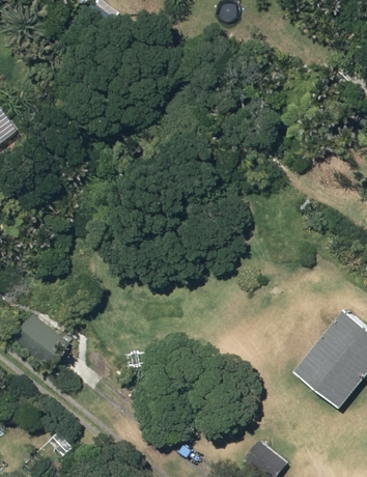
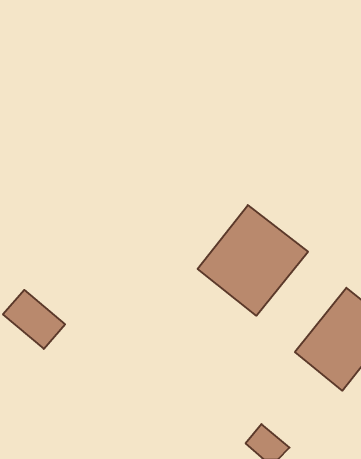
building: none -> [198,205,308,316]

